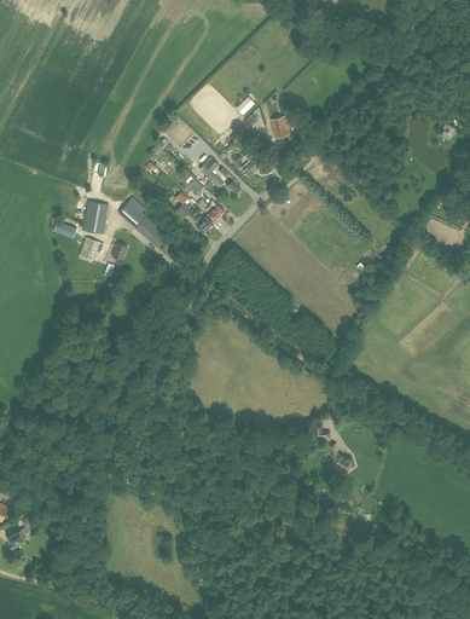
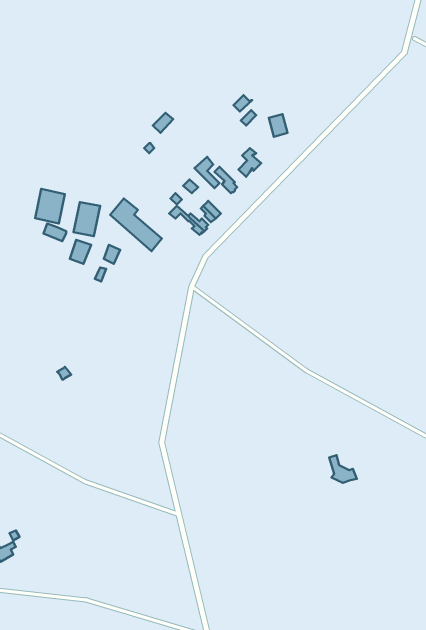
building: none -> [35,189,65,223]

